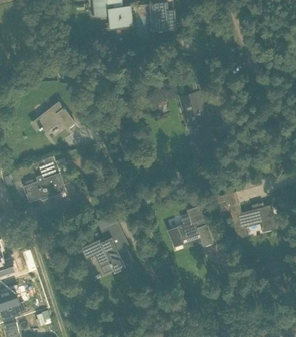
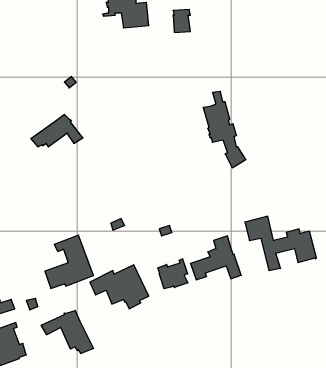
building: [24,155,66,202] -> [45,235,93,288]
building: none -> [158,259,188,289]
building: none -> [41,310,93,354]

